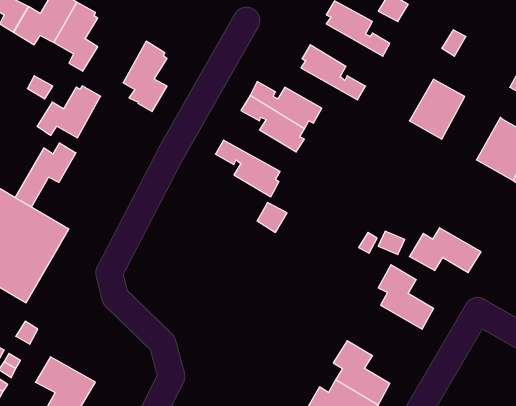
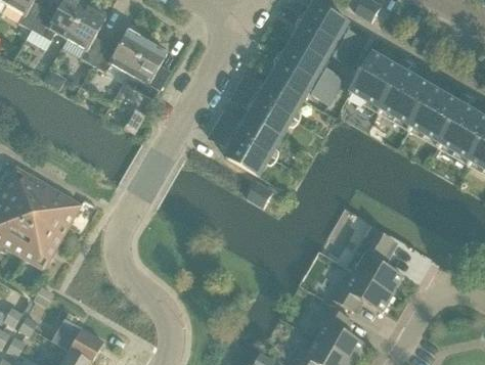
building: none -> [294,22,358,65]
building: none -> [351,54,403,108]
building: none -> [271,61,336,103]
building: [37,86,101,138] -> [92,29,148,75]
building: none -> [410,87,462,143]
building: none -> [217,112,281,153]
building: [15,143,76,207] -> none
building: [409,228,481,273] -> [329,272,393,312]

